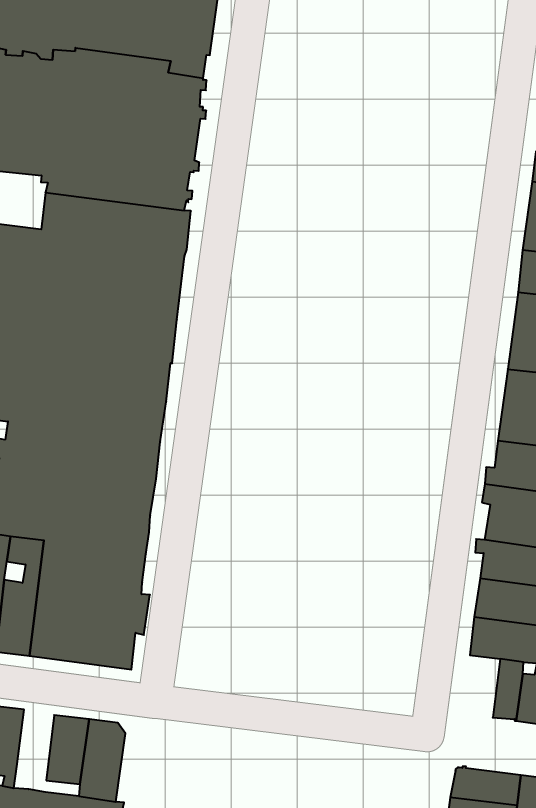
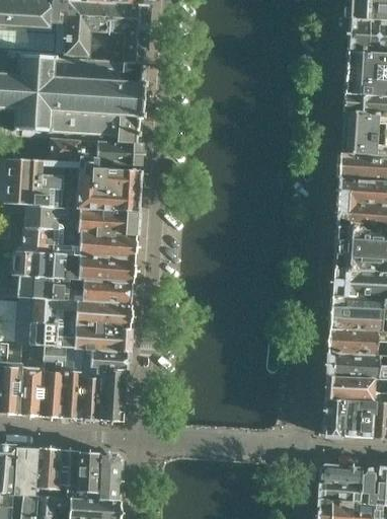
building: none -> [324,398,344,435]
building: none -> [59,449,79,498]

